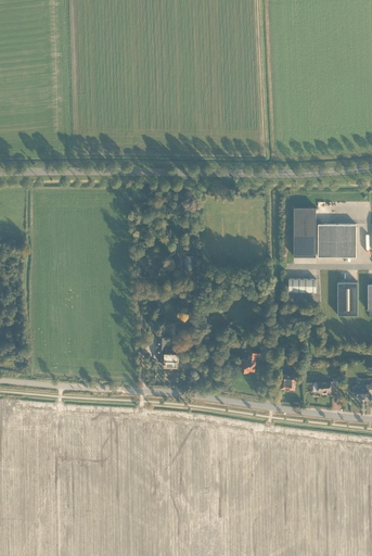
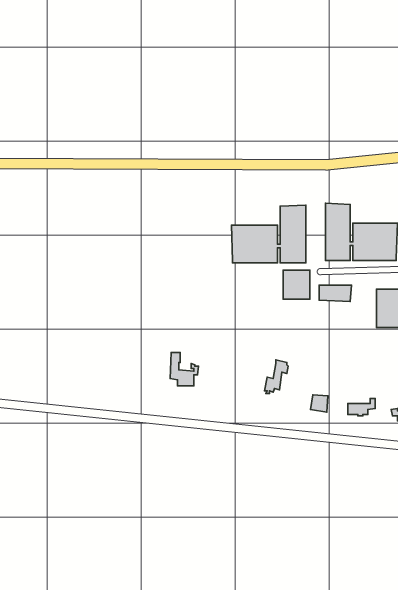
building: none -> [231,205,306,263]
building: none -> [283,270,310,299]

